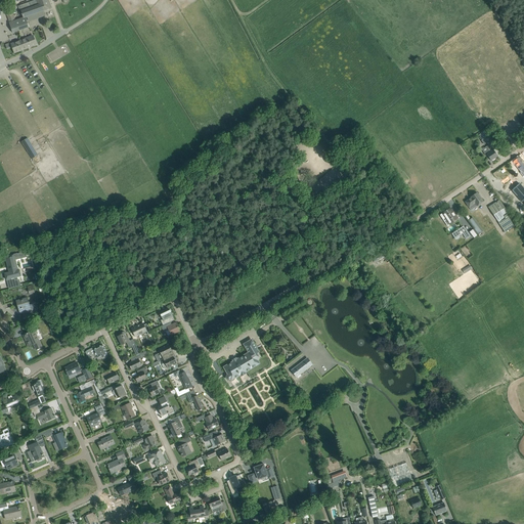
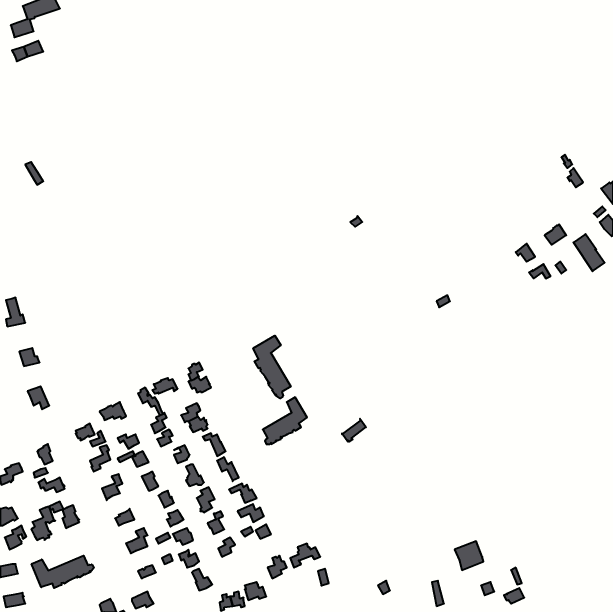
building: none -> [253,336,291,398]
building: none -> [32,556,94,588]

